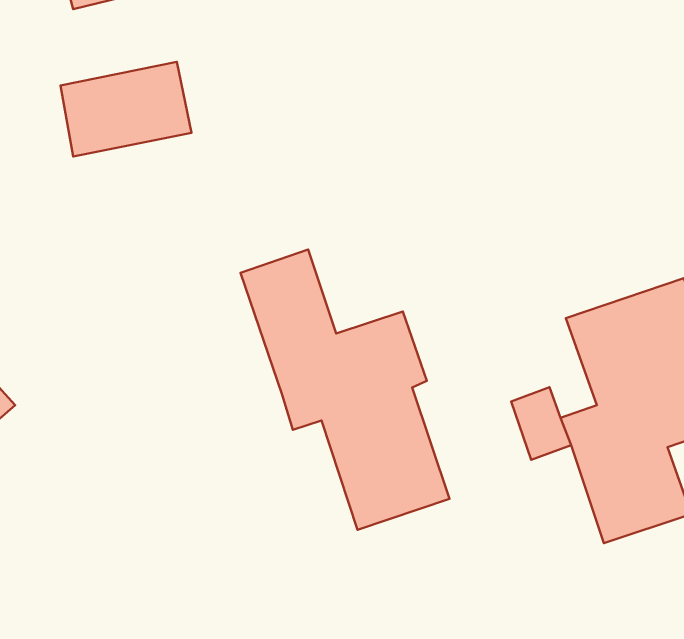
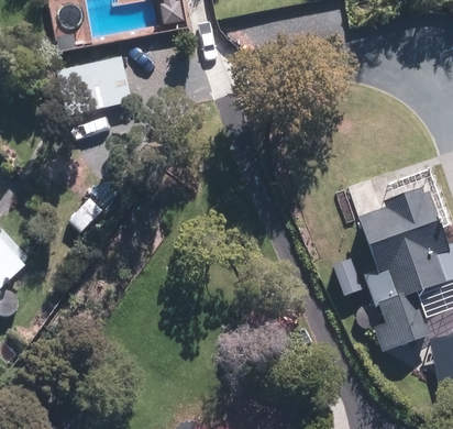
building: [241,249,449,530] -> none

